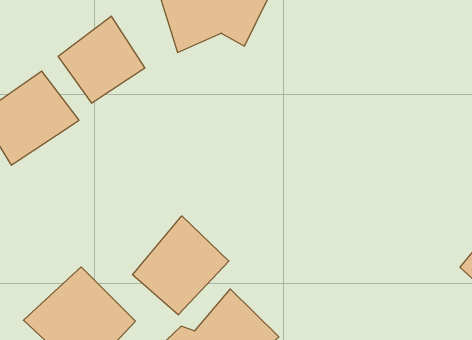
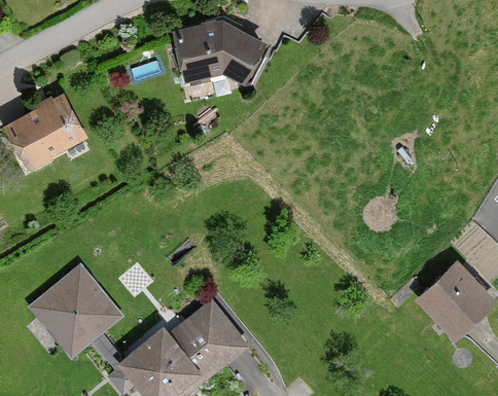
building: [58,16,145,103] -> none
building: [133,216,229,315] -> none

